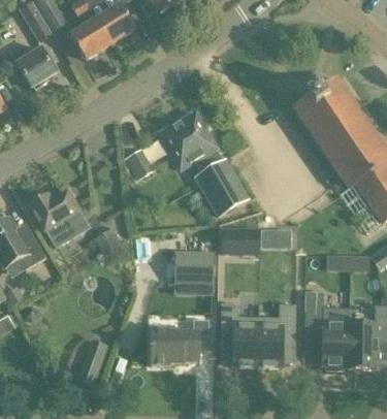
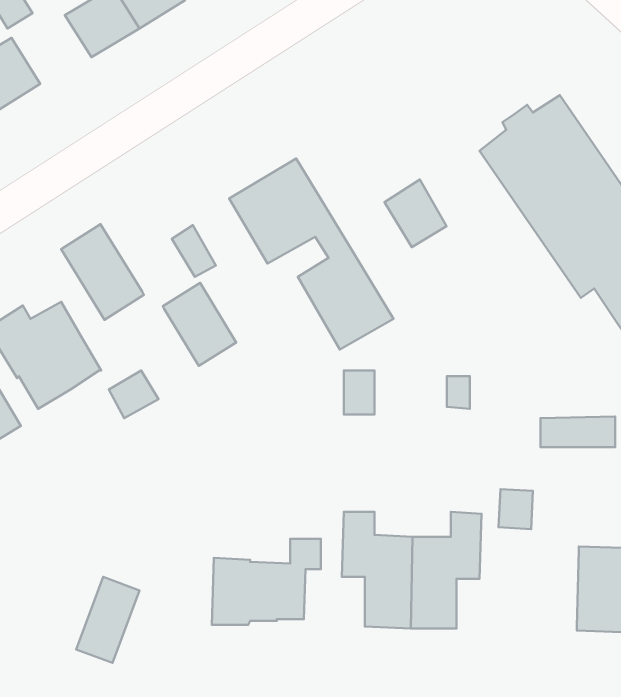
building: none -> [384,180,447,247]
building: none -> [61,224,144,320]
building: none -> [163,283,236,366]
building: [173,252,214,282] -> none
building: [321,324,348,368] -> none

